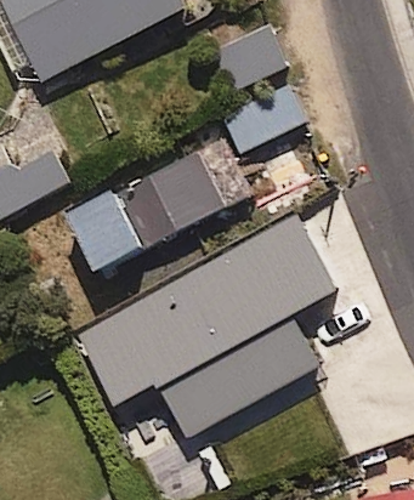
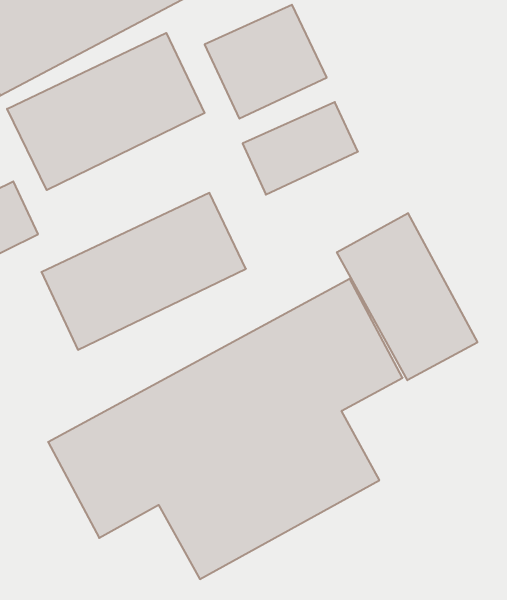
building: none -> [7,33,205,190]
building: none -> [337,213,477,380]

